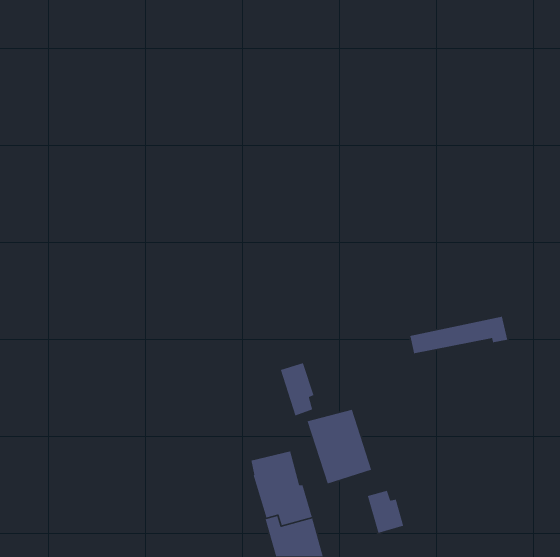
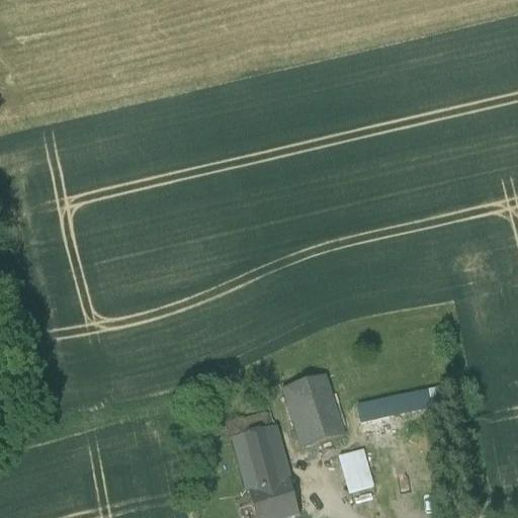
building: [409,316,508,354] -> [357,386,448,422]
building: [280,362,314,417] -> none

